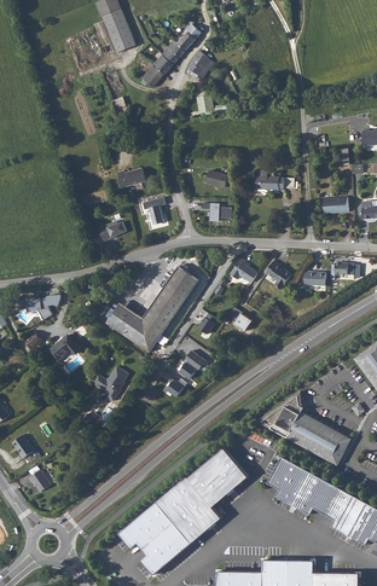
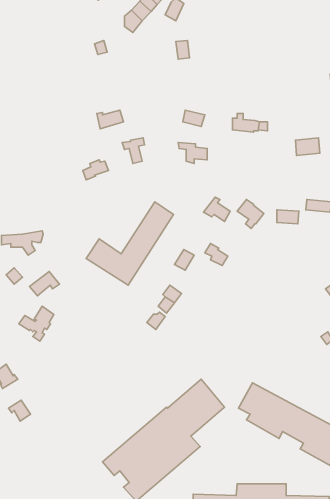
building: [89,365,126,401] -> [19,306,54,341]
building: [260,393,347,463] -> none

